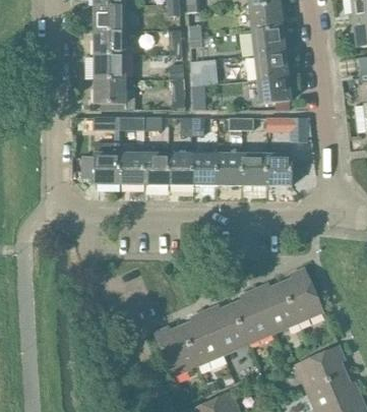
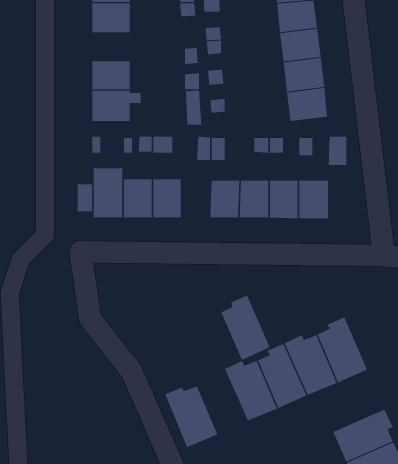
building: [94,30,126,53] -> none
building: [169,152,193,184] -> none
building: [182,310,224,365] -> [221,295,271,361]

